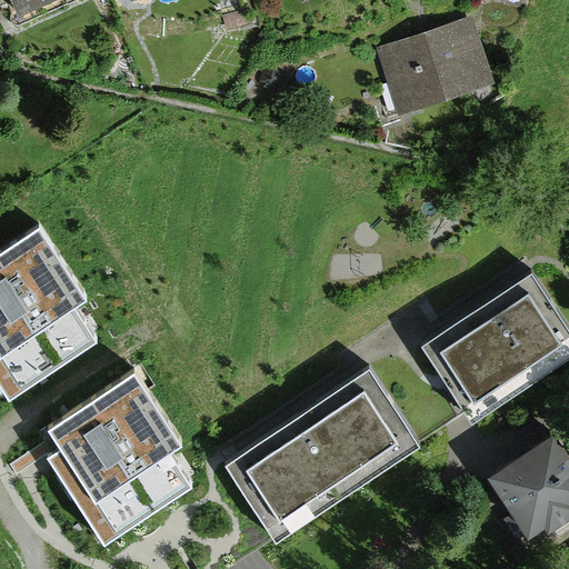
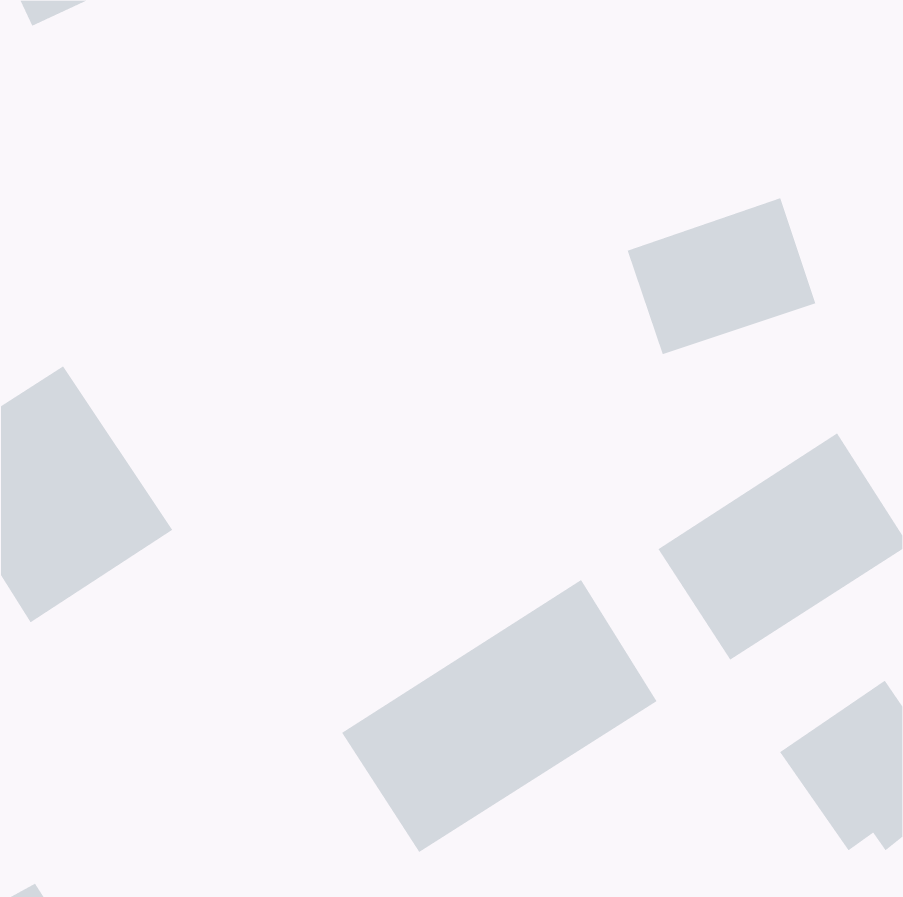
building: [378,18,497,117] -> [627,198,816,355]
building: [41,373,189,540] -> none

